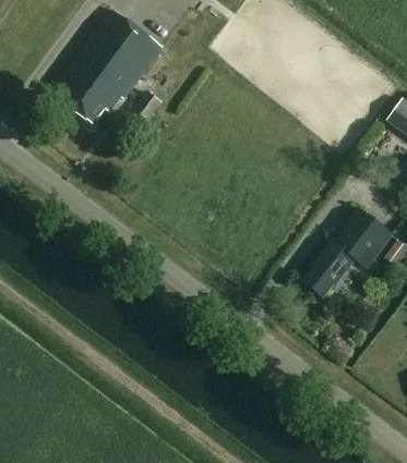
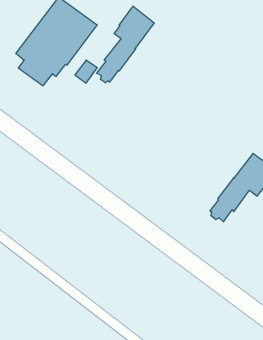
building: none -> [97,6,154,83]

